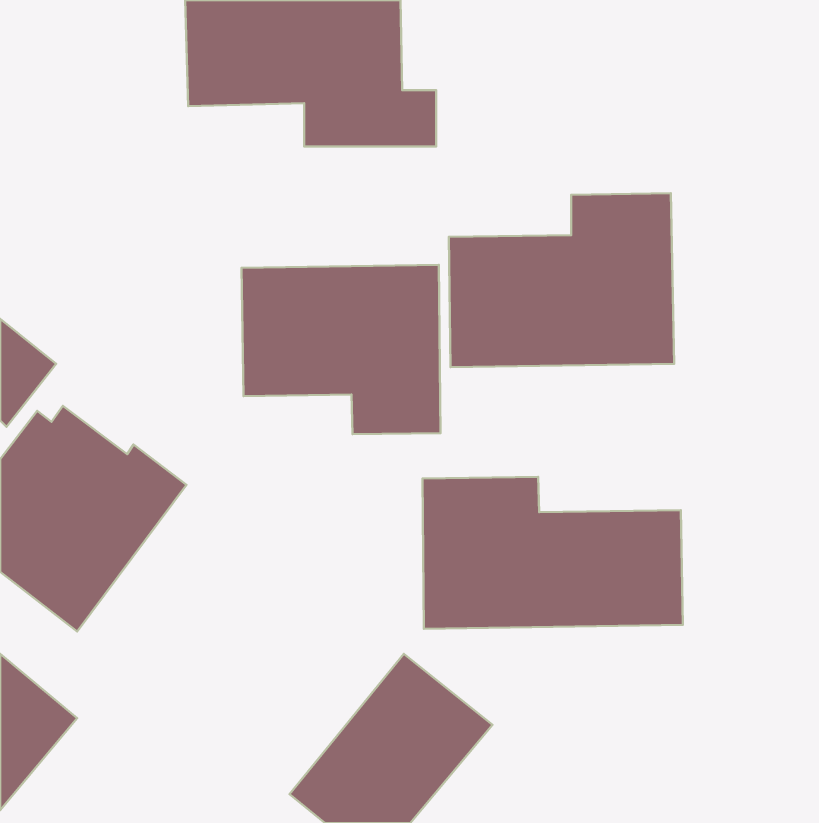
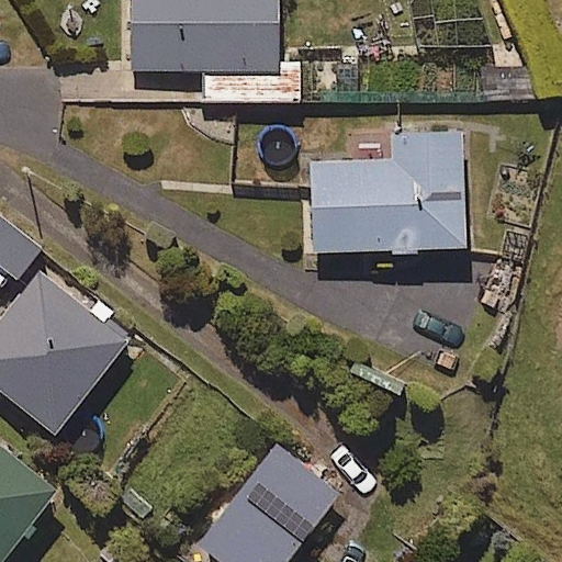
building: [242,265,440,434] -> none
building: [422,477,683,629] -> none

